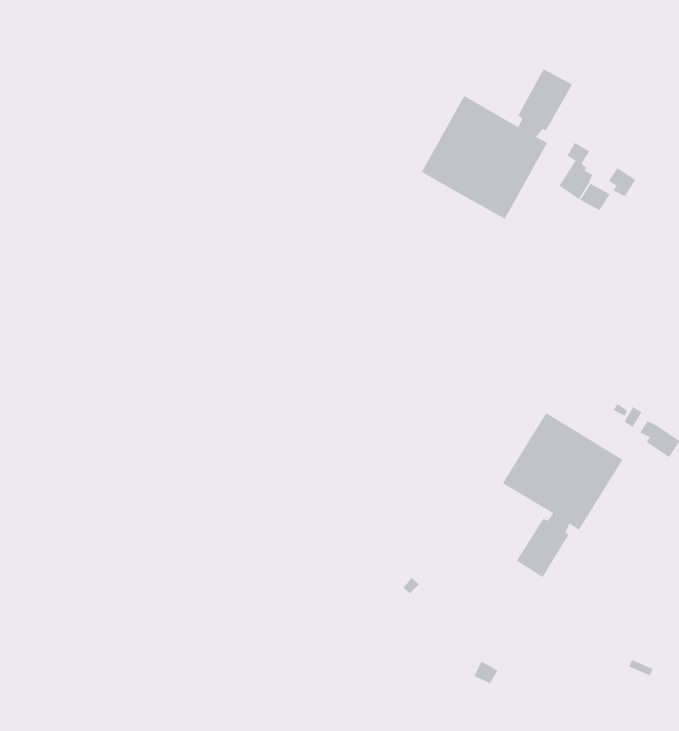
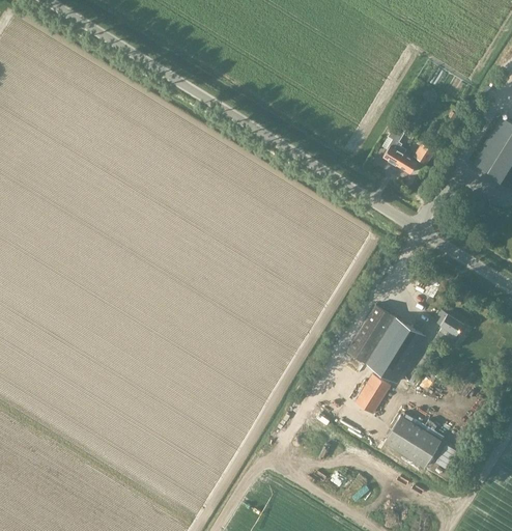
building: [421,68,573,220] -> none
building: none -> [383,417,440,470]

